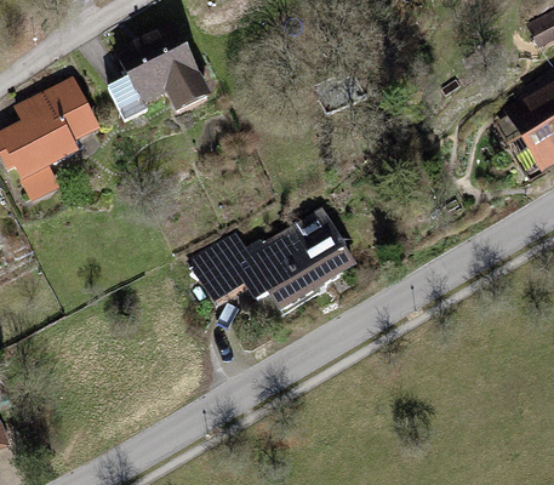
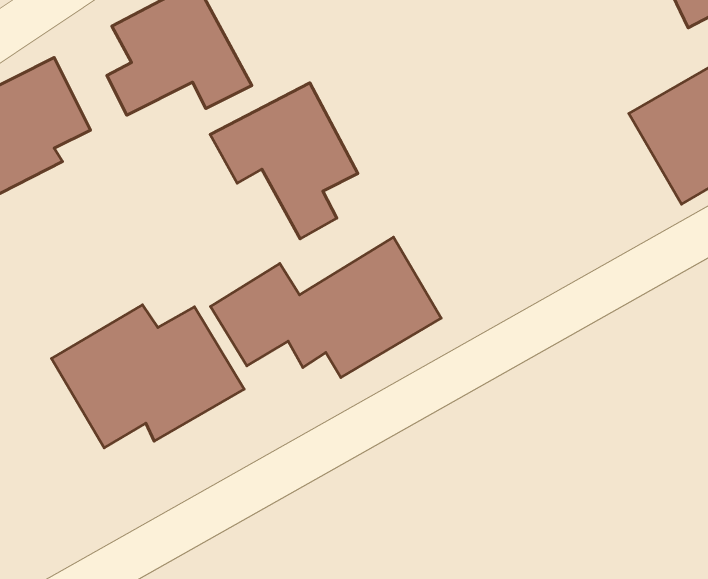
building: none -> [210,83,358,239]
building: none -> [51,305,244,448]

